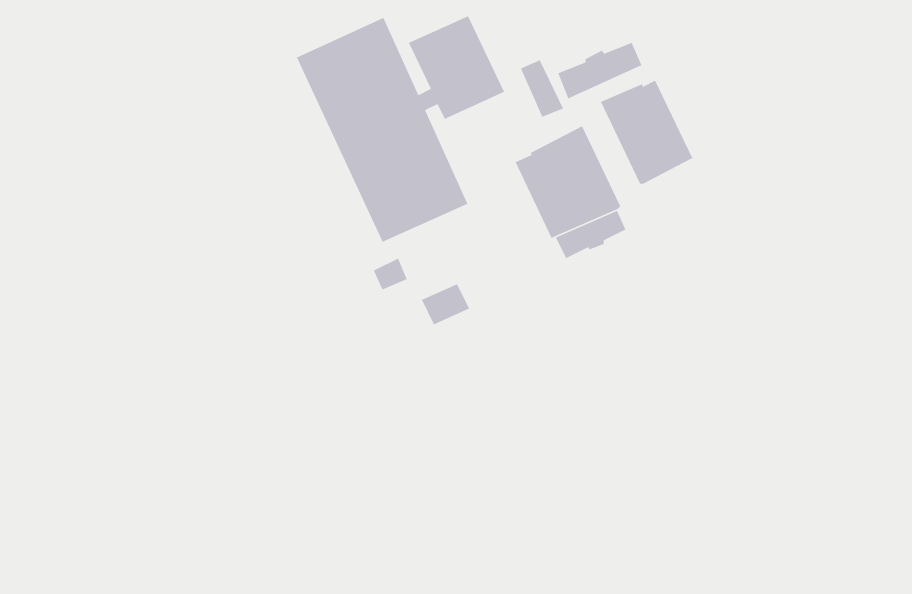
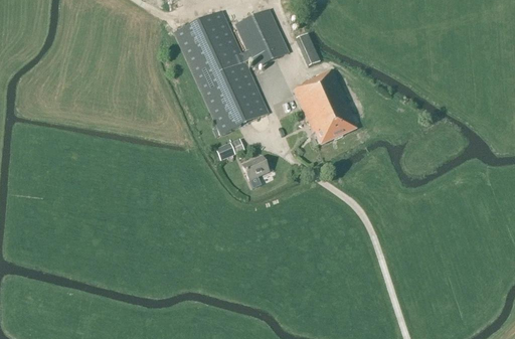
building: [557,42,643,99] -> none
building: [600,79,693,185] -> none

